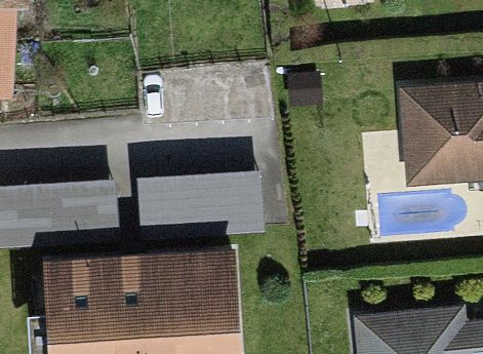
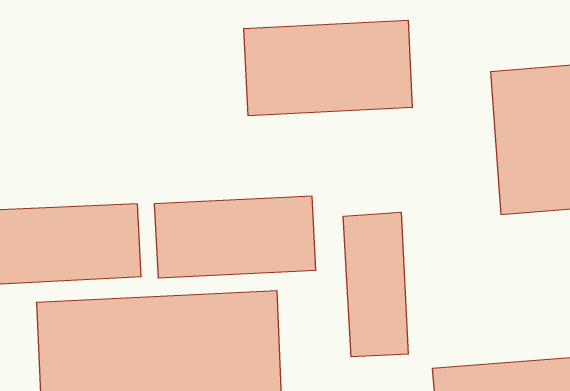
building: none -> [244,20,412,116]
building: none -> [343,212,408,357]

